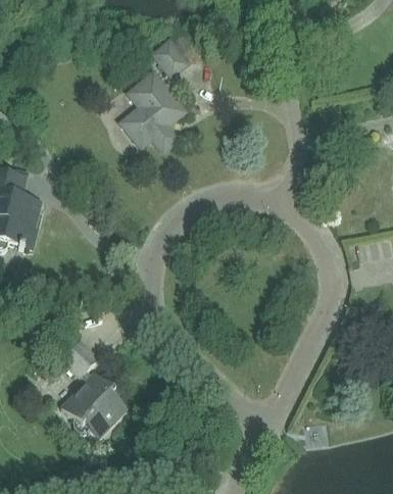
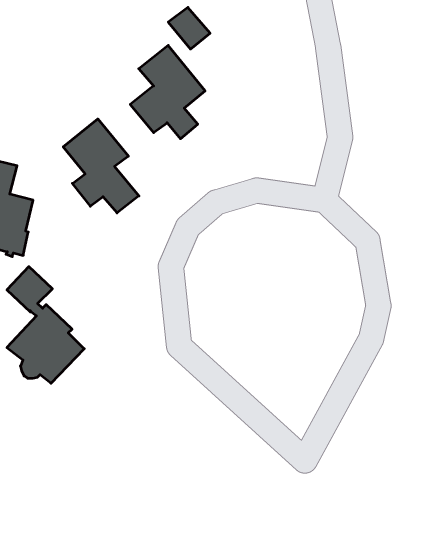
building: none -> [63,119,139,213]
building: [61,341,126,438] -> [7,267,84,383]

